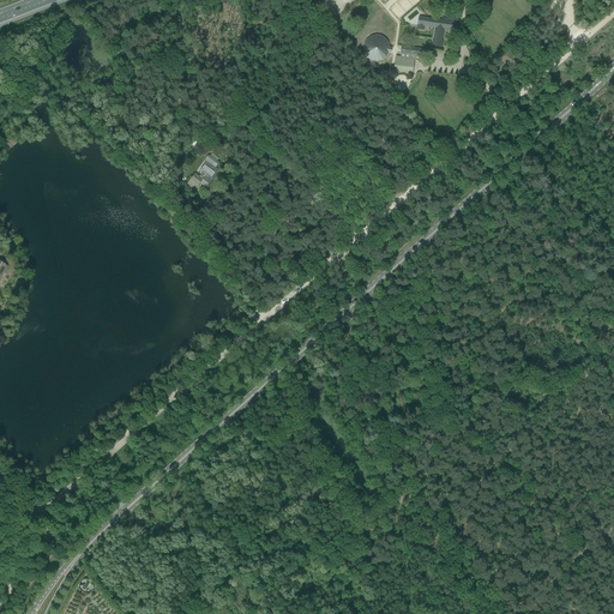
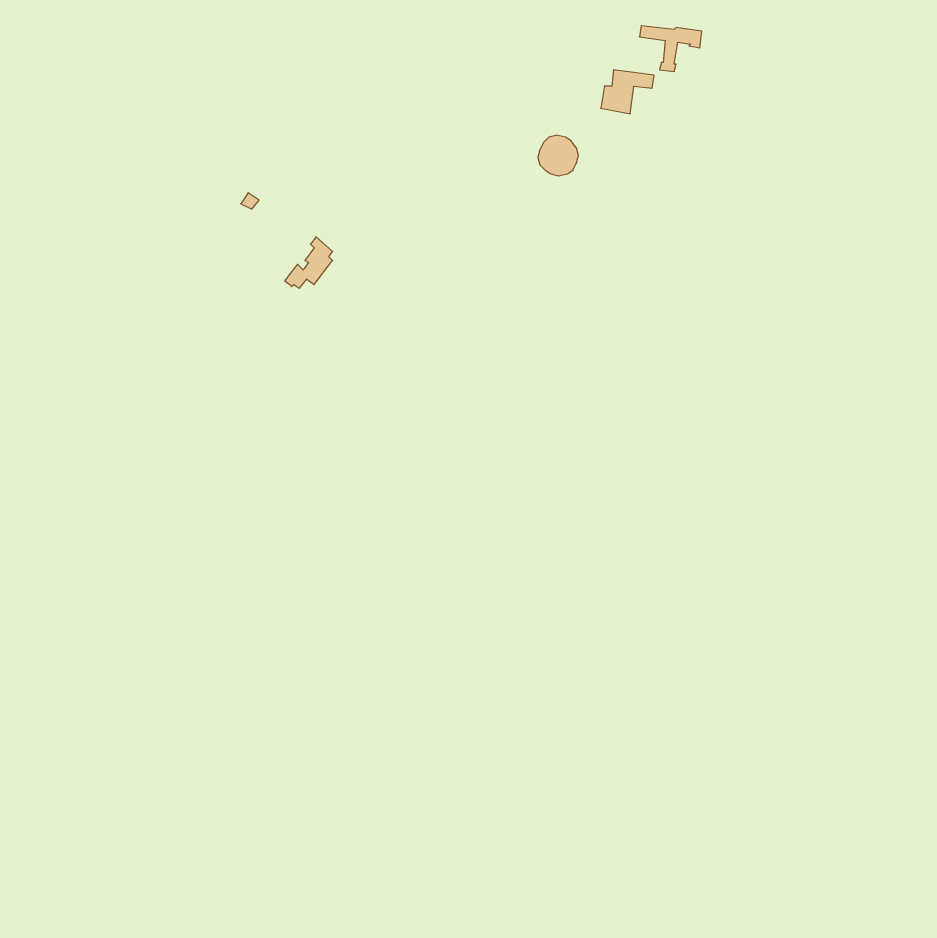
building: [362,35,389,61] -> [538,135,578,176]

